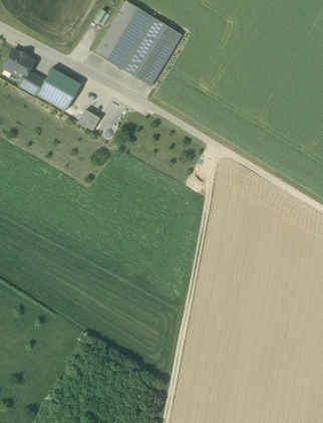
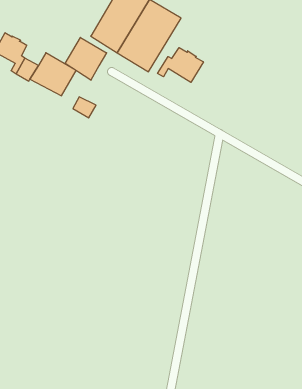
building: none -> [65,37,107,80]
building: none -> [158,48,203,82]

